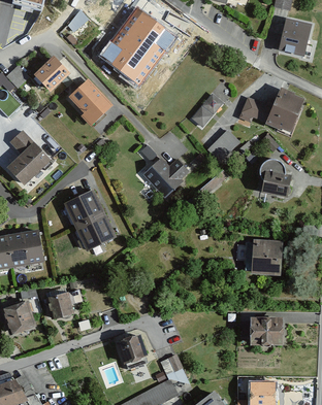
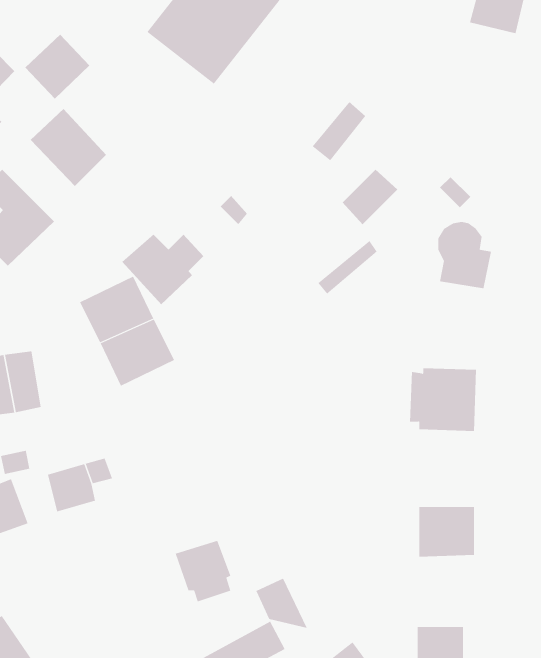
building: [68,78,110,122] -> [30,108,107,187]
building: [238,88,302,131] -> none
building: [142,158,188,197] -> [122,234,204,305]

